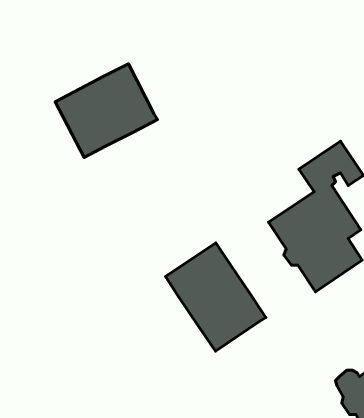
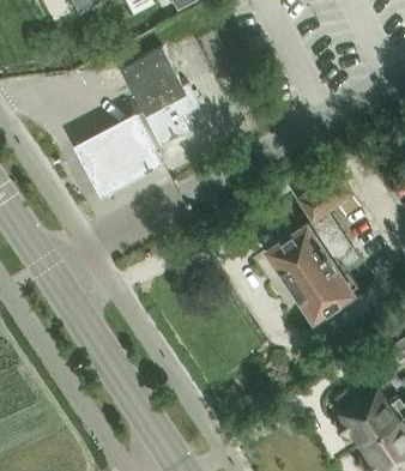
building: none -> [125,53,204,151]
building: [165,243,266,351] -> none

